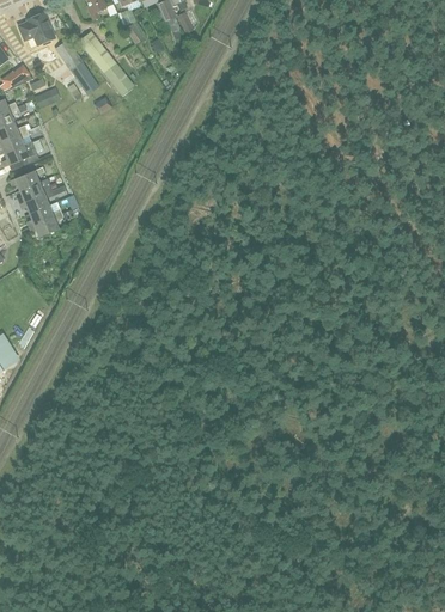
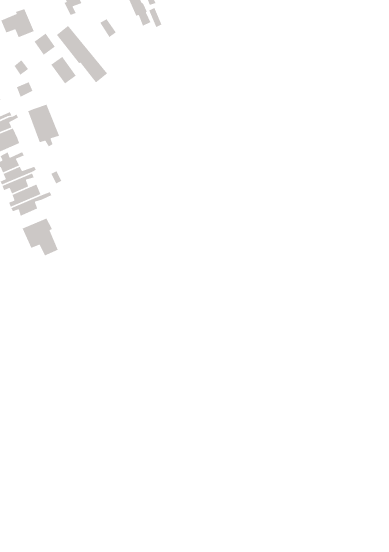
building: none -> [27,104,60,147]
building: none -> [22,218,59,256]

